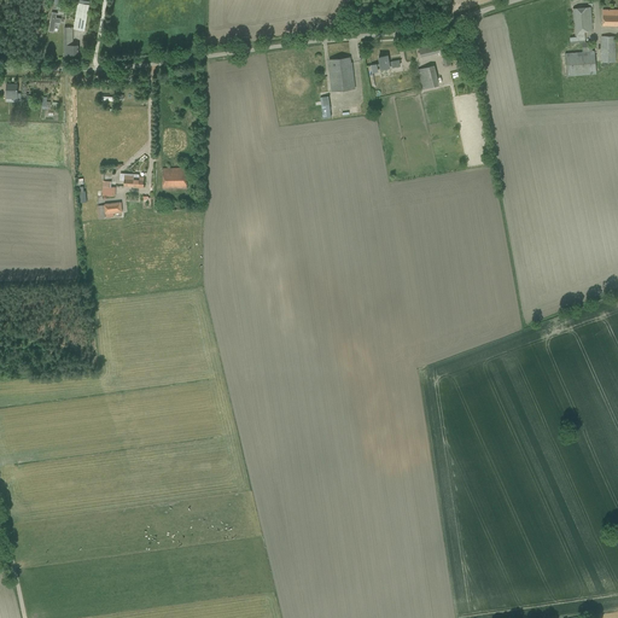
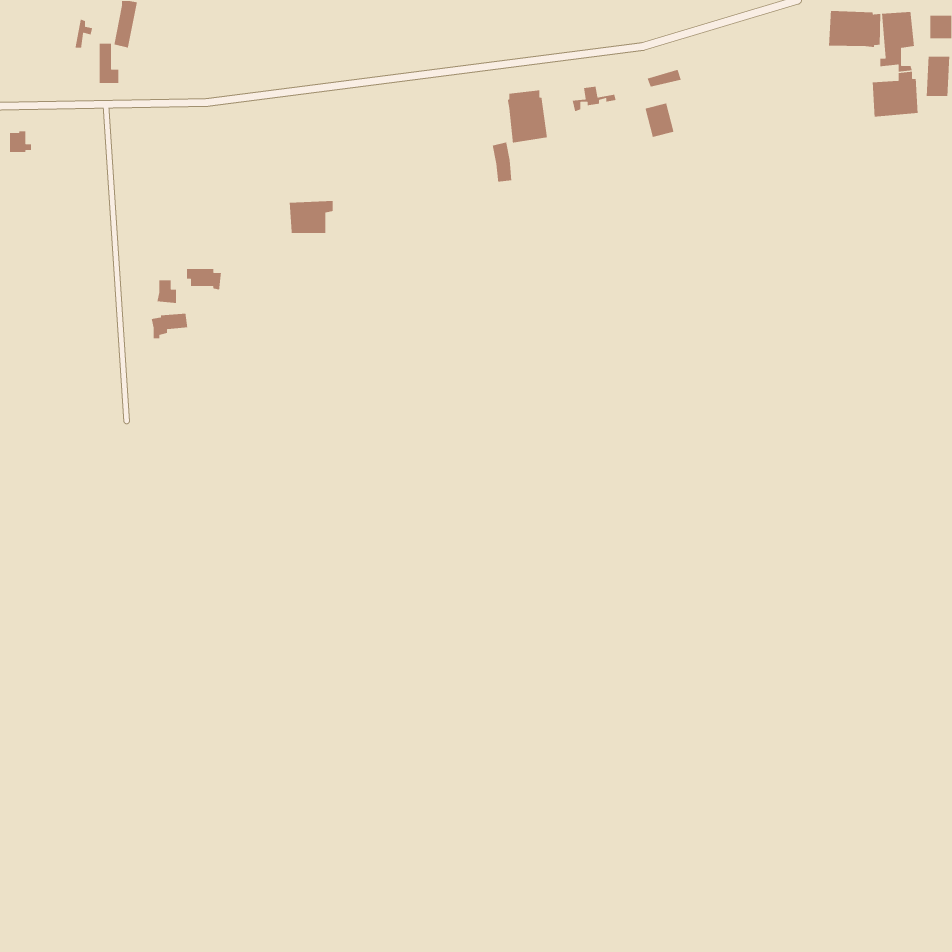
building: none -> [828,10,881,48]
building: [162,168,191,190] -> [289,200,334,234]

